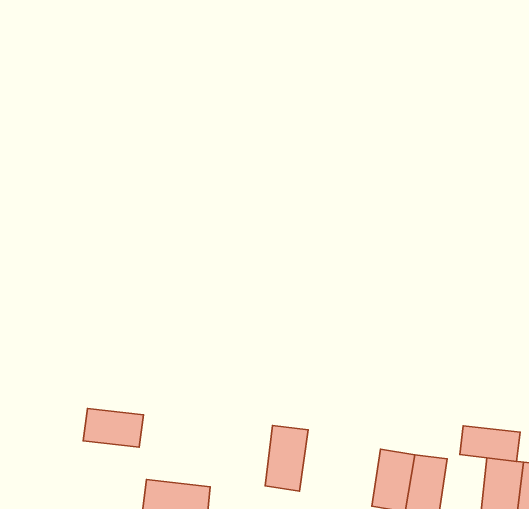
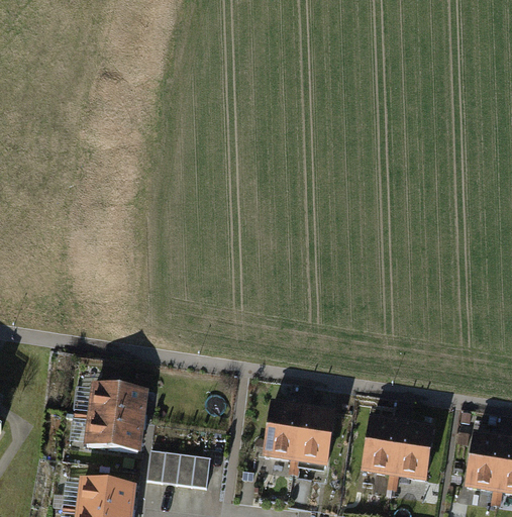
building: [460,426,520,461] -> none
building: none -> [295,404,333,466]
building: none -> [88,414,144,450]

